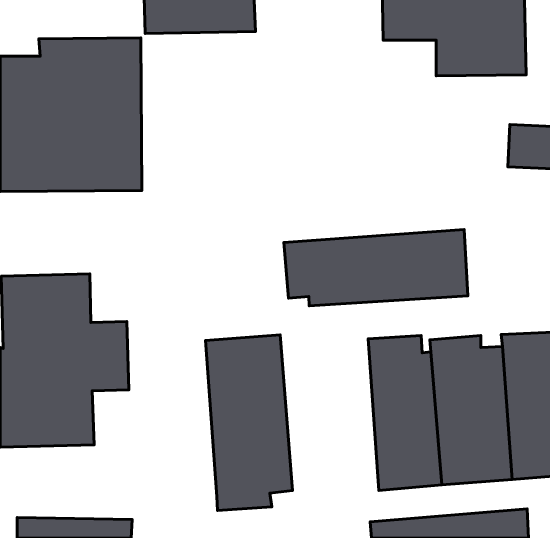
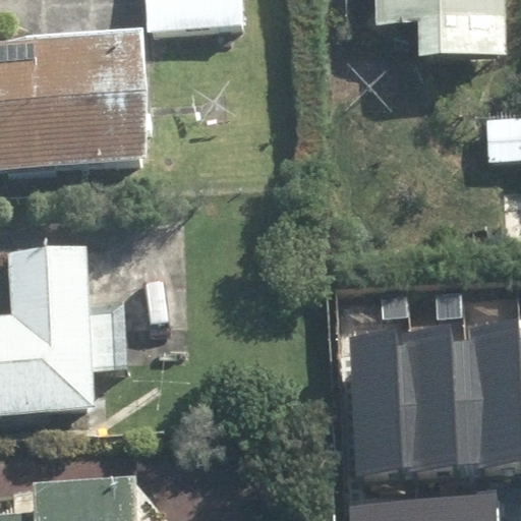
building: [284,230,468,306] -> none
building: [206,335,293,511] -> none

